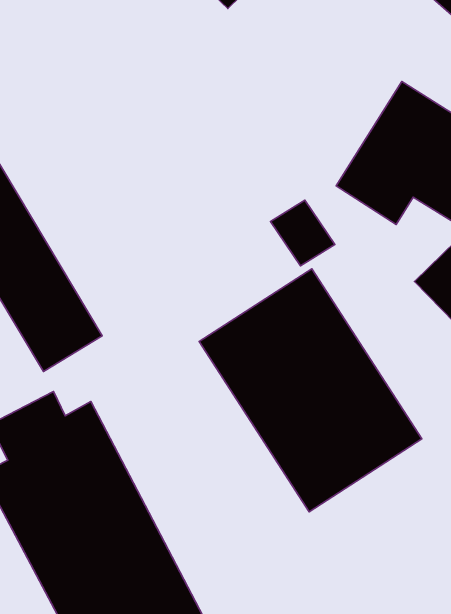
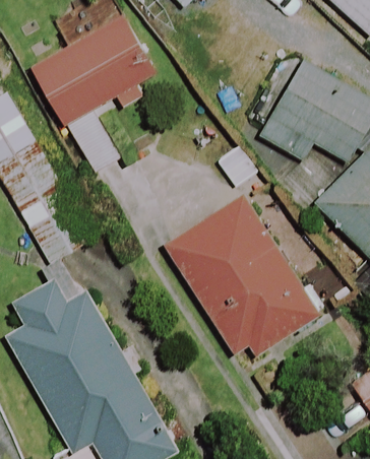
building: none -> [26,9,156,125]

